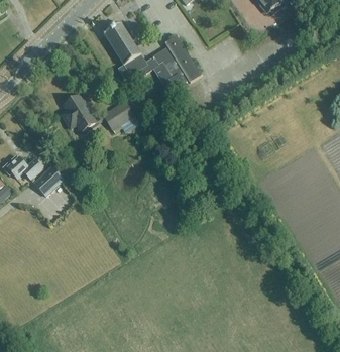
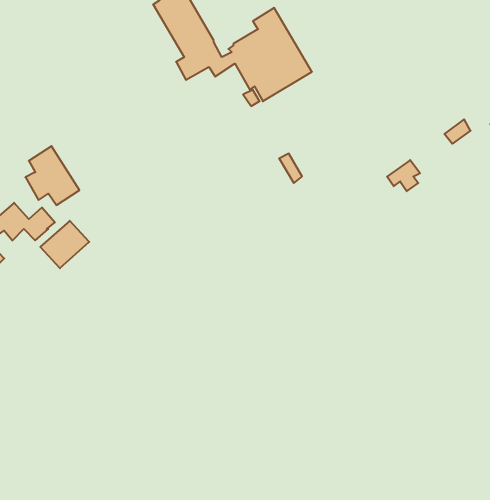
building: [61,93,94,129] -> [25,146,79,205]
building: [102,100,132,127] -> none

